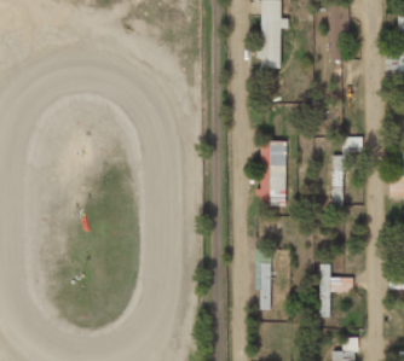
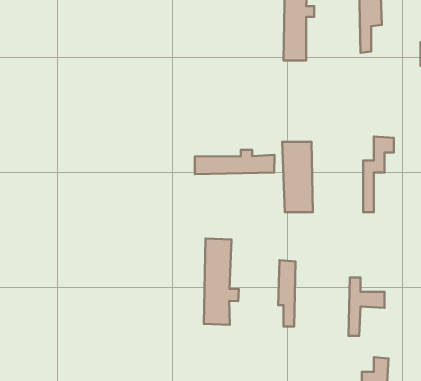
building: none -> [195,150,274,174]
building: none -> [204,238,239,325]

